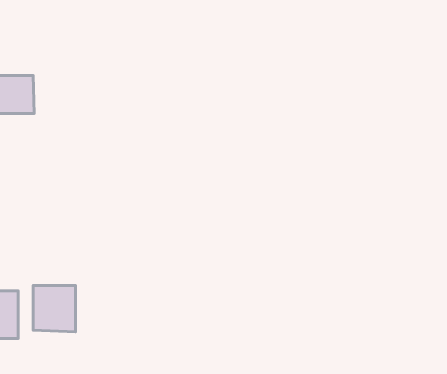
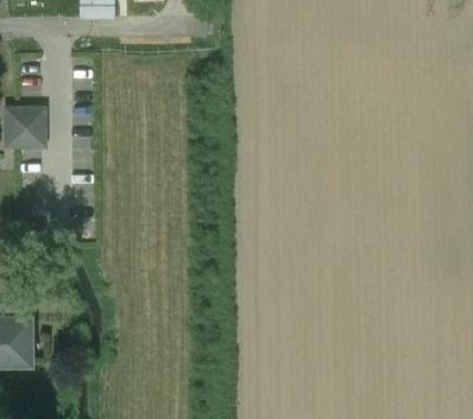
building: [33,286,76,332] -> none

